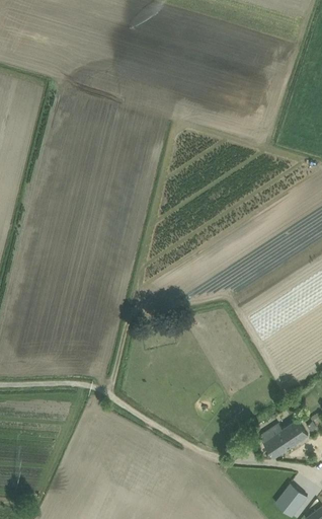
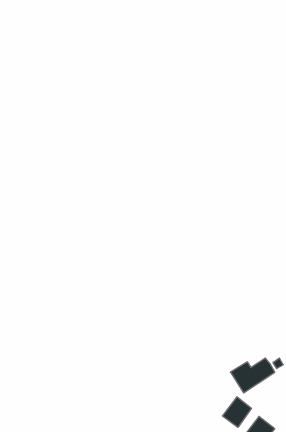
building: none -> [223,397,251,427]

